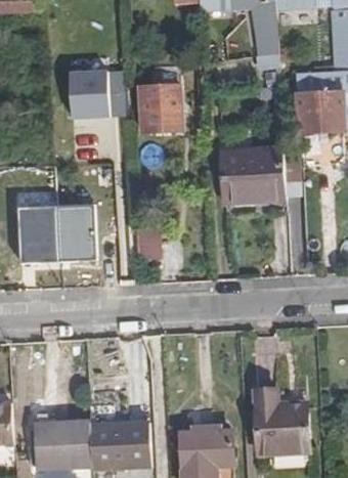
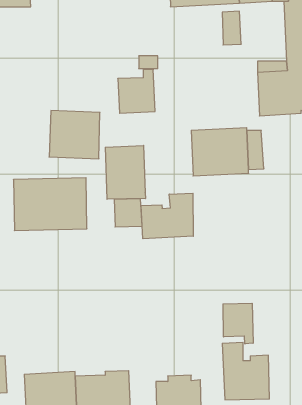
building: [70,64,127,119] -> [49,111,100,159]
building: none -> [105,145,145,199]
building: none -> [141,193,193,239]
building: none -> [223,303,253,344]

